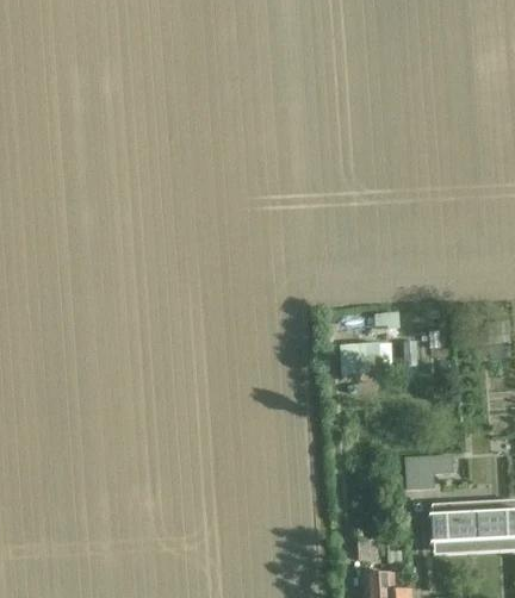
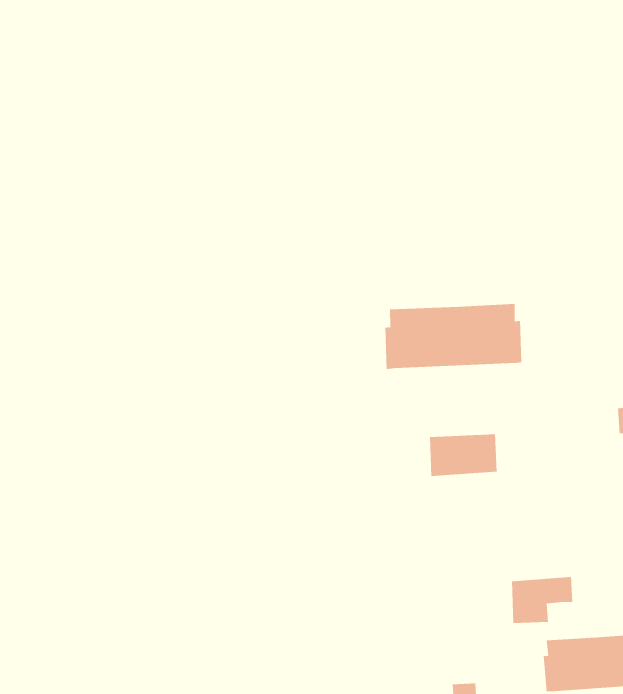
building: none -> [385,303,522,370]

